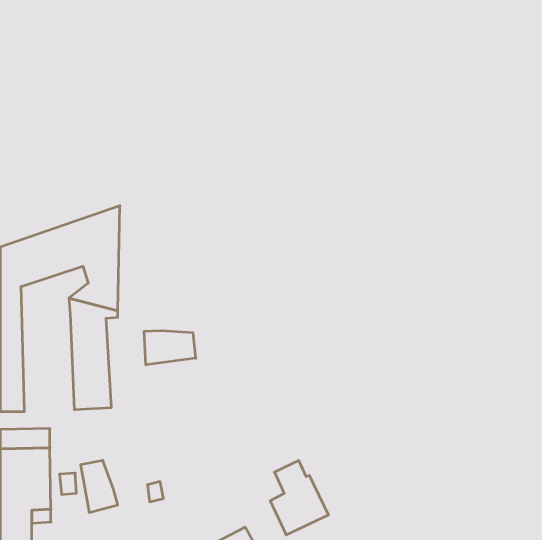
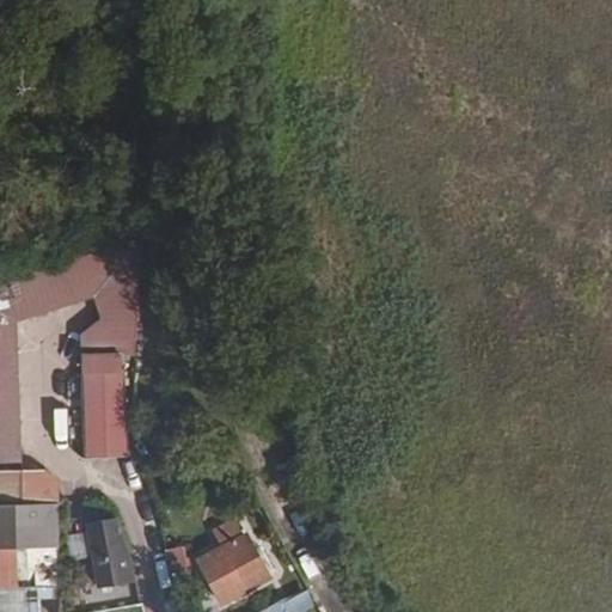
building: [144,331,196,365] -> none
building: [270,461,329,535] -> [201,518,267,601]

